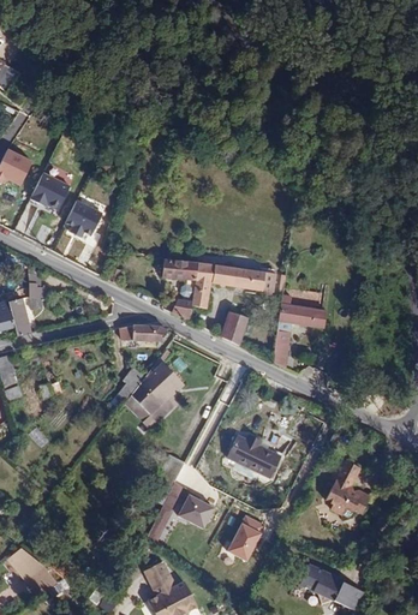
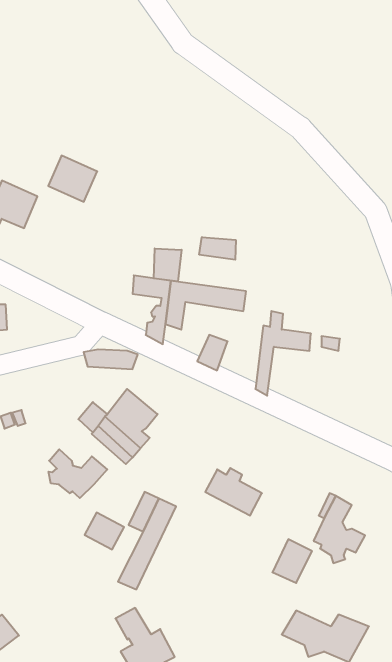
building: [62,198,107,240] -> [48,156,97,202]
building: none -> [199,237,236,260]
building: none -> [154,248,182,281]
building: none -> [49,449,107,498]
building: [181,496,217,530] -> [85,513,124,549]
building: [229,524,265,563] -> [272,539,312,583]

